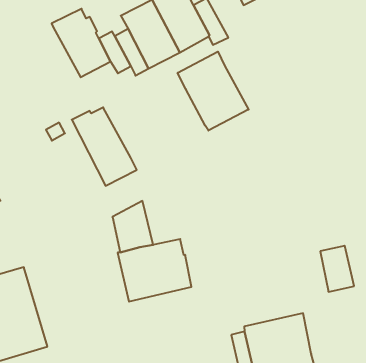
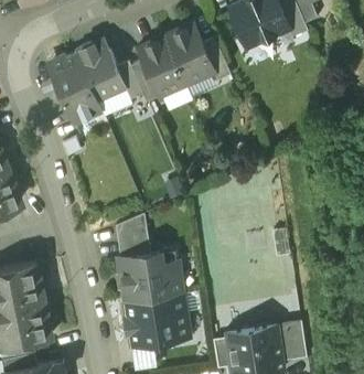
building: [178,52,249,131] -> none
building: [72,107,137,186] -> [47,54,101,124]
building: [320,246,354,292] -> [278,321,306,361]
building: none -> [125,293,188,345]

